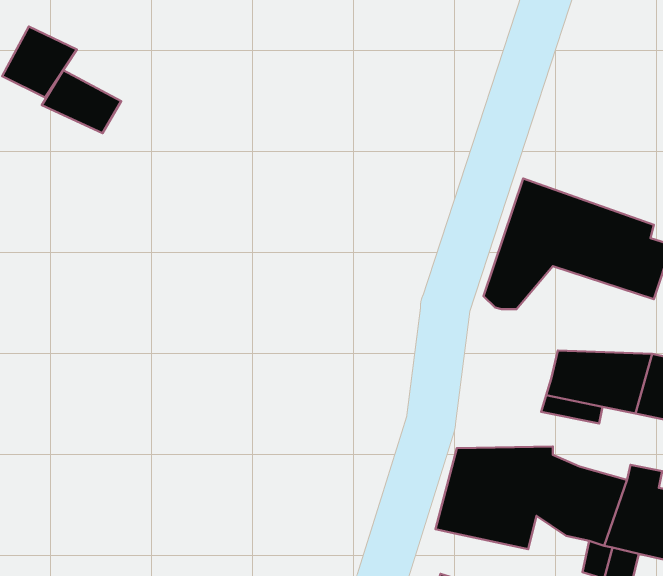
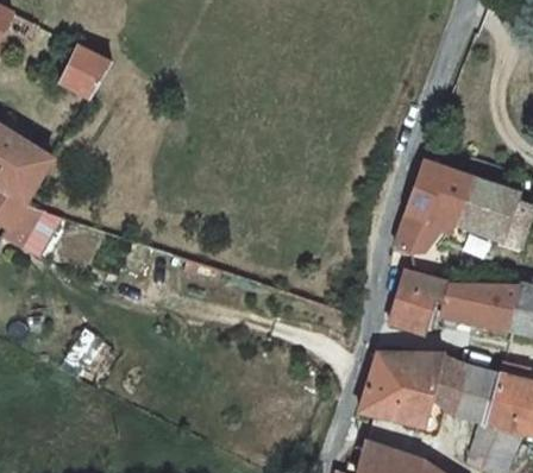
building: [42,70,121,133] -> none
building: none -> [393,267,454,333]

